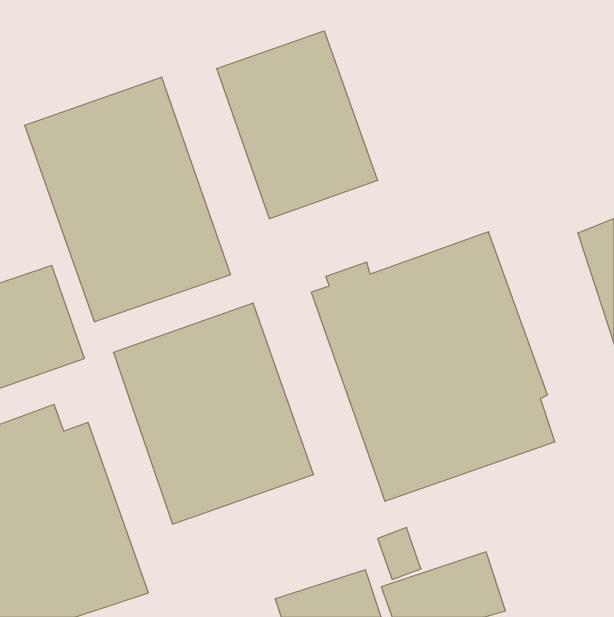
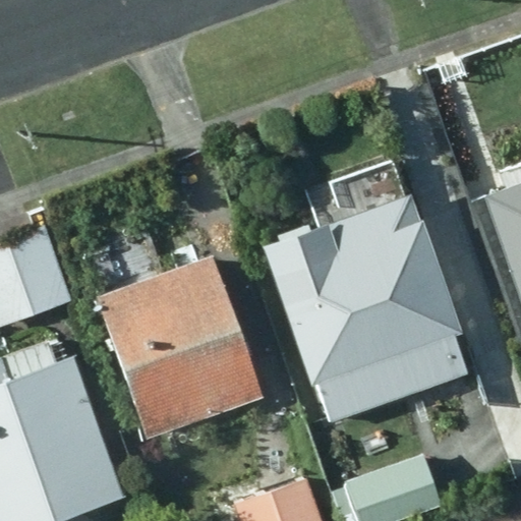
building: [217,31,378,219] -> none
building: [25,77,230,322] -> none

